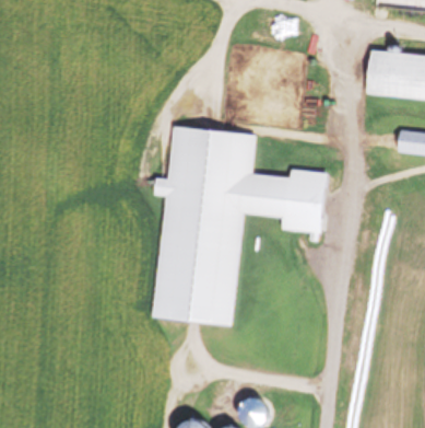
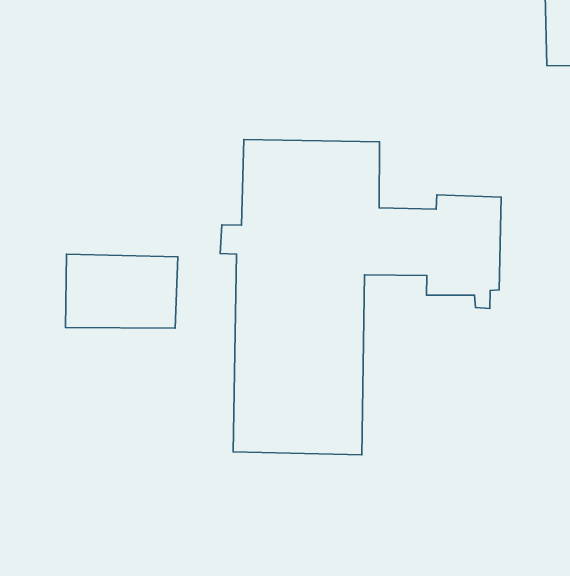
building: none -> [65,254,178,328]

